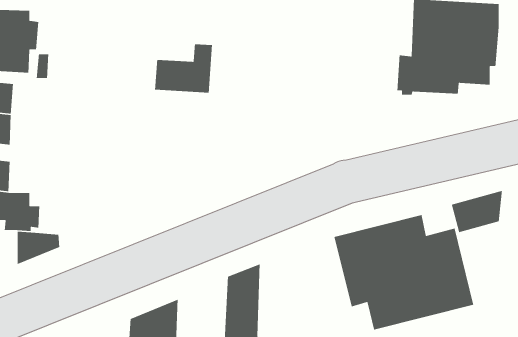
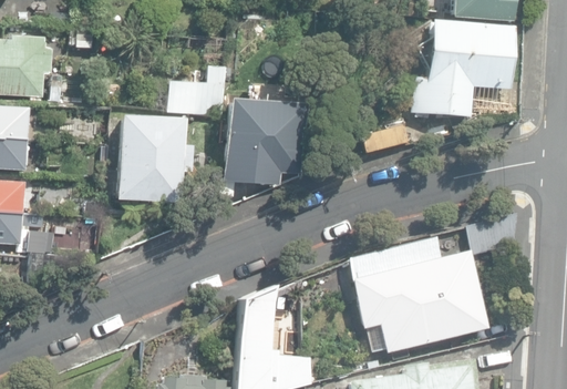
building: none -> [224,100,306,184]
building: none -> [115,115,192,203]

